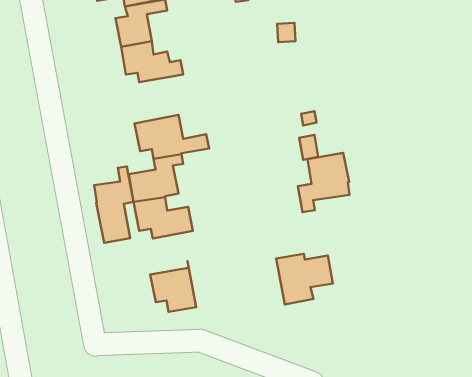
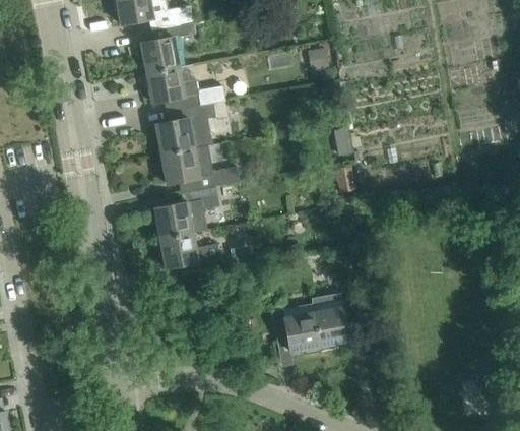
building: none -> [155,103,215,155]
building: [298,153,349,212] -> none
building: [94,167,134,243] -> none
building: [150,261,196,312] -> [271,298,320,352]

